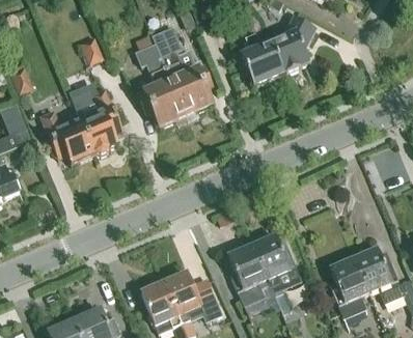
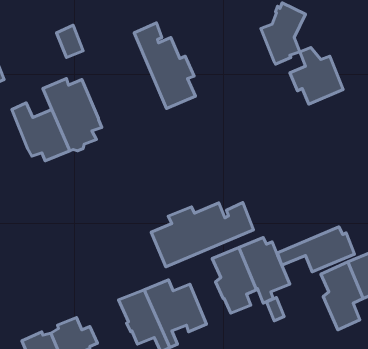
building: [236,30,285,83] -> [290,47,343,104]
building: [135,43,185,124] -> none
building: none -> [151,203,254,267]
building: none -> [278,227,355,272]

